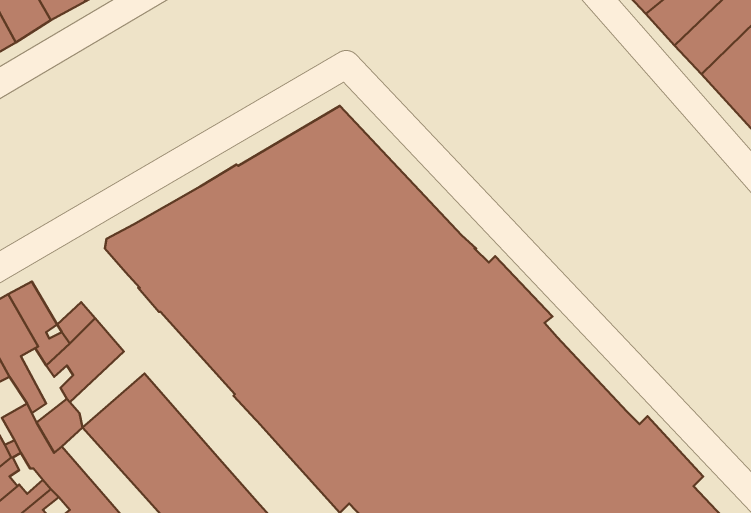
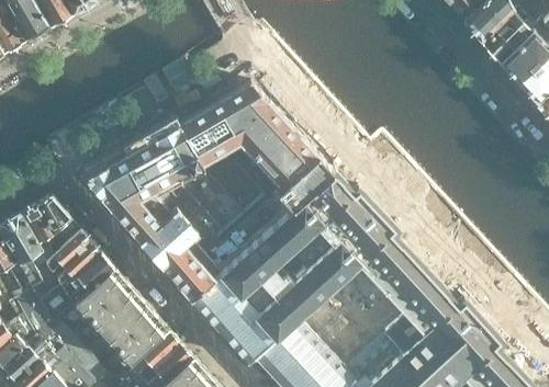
building: none -> [36,197,70,236]
building: none -> [63,254,114,297]

